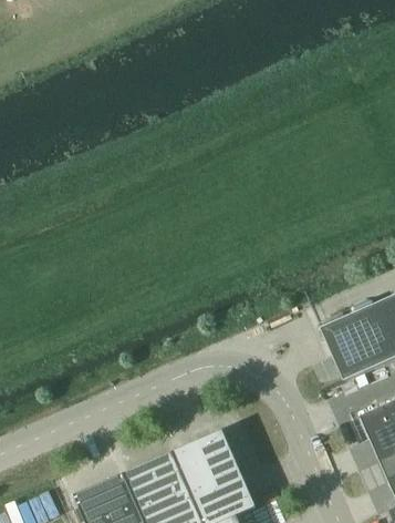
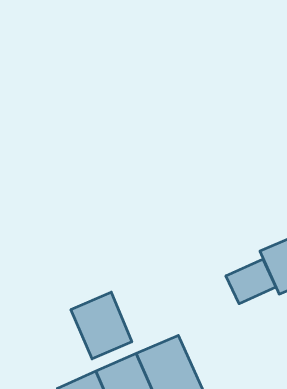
building: none -> [226,259,276,304]
building: none -> [71,292,132,359]

